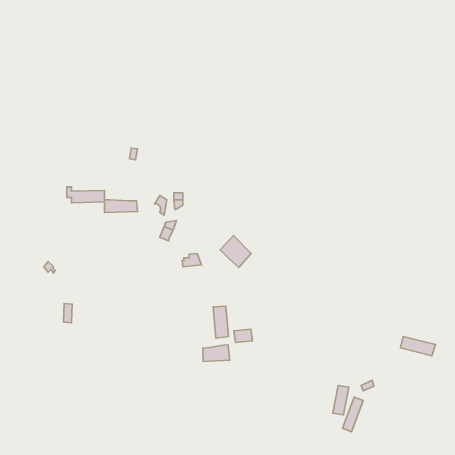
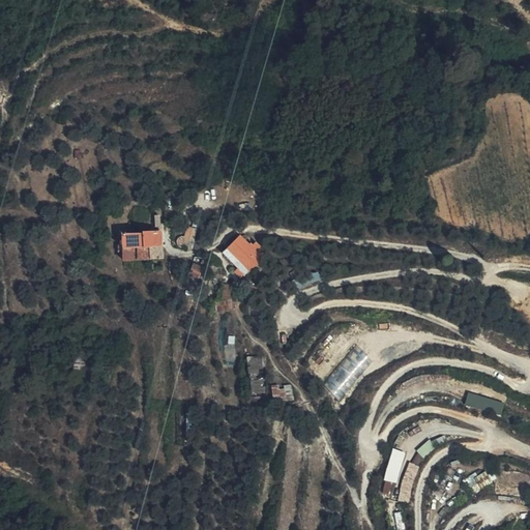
building: [67,187,104,203] -> [116,241,159,260]
building: [220,235,251,268] -> [223,236,259,273]
building: [203,345,230,361] -> none

